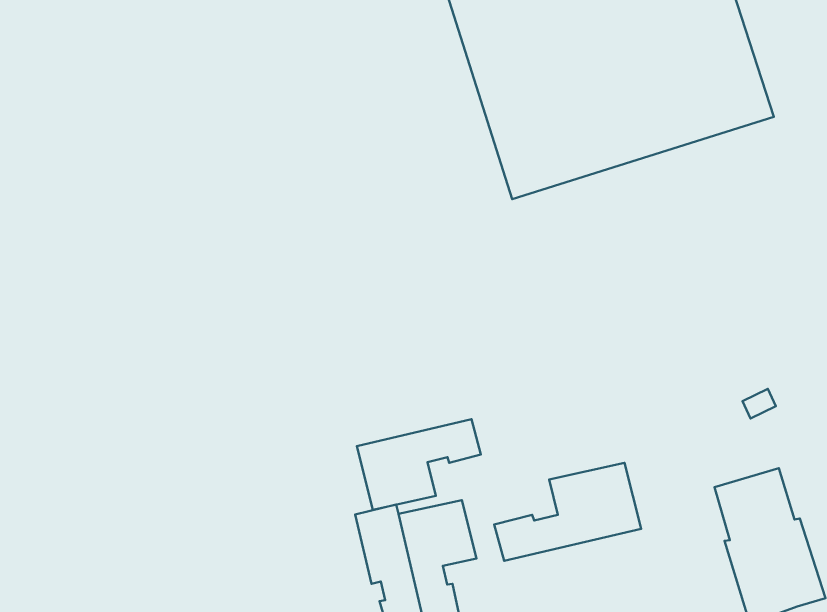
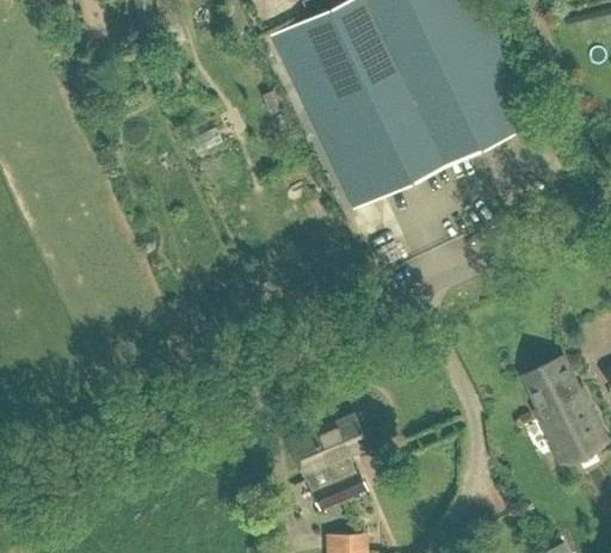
building: [357,419,481,510] -> none
building: [494,463,641,561] -> none

